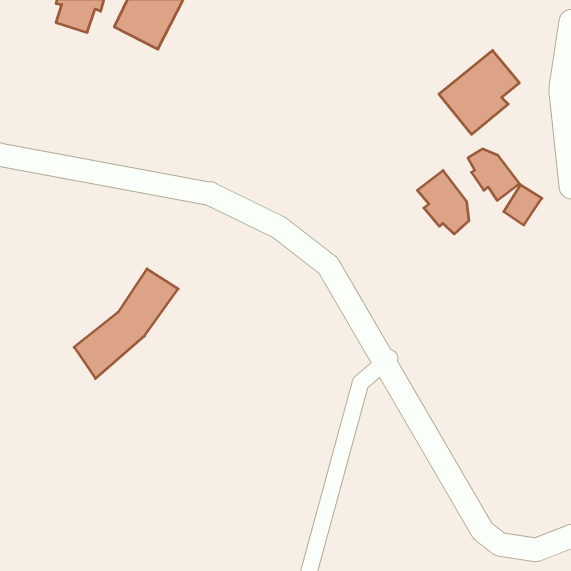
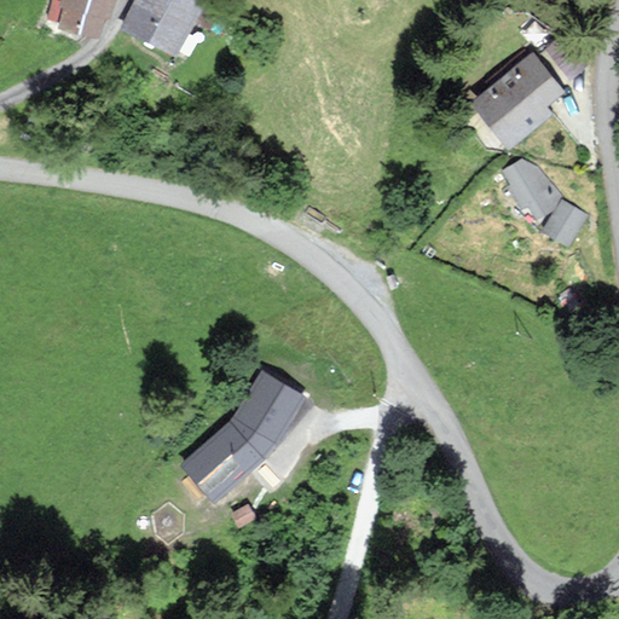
building: [417,170,469,234] -> none
building: [74,269,178,379] -> [187,376,300,494]

